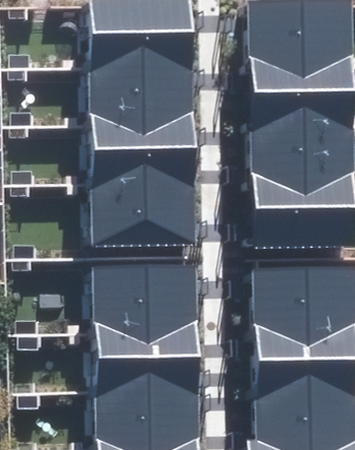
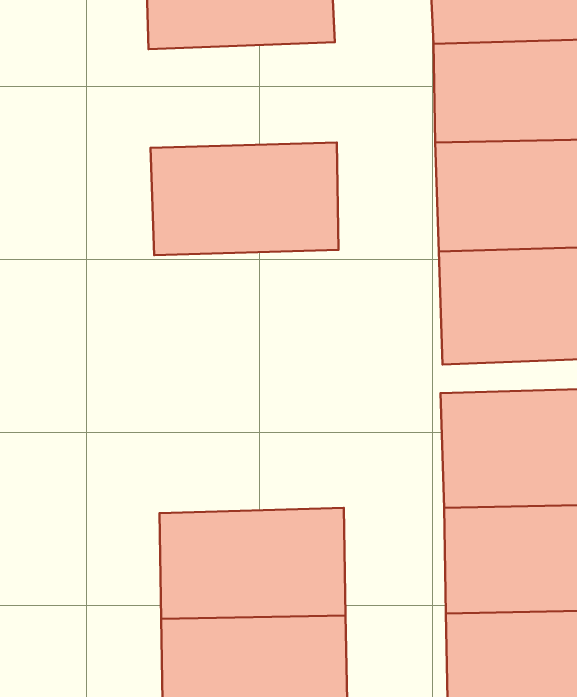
building: [87,64,194,124] -> none
building: [90,182,196,249] -> none
building: [91,263,198,331] -> none

